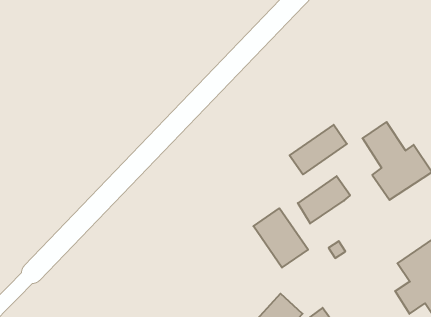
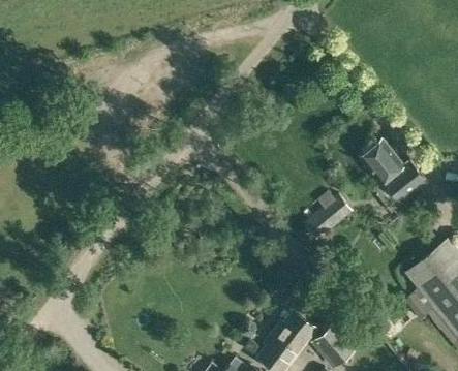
building: [290,125,347,174] -> none
building: [253,208,308,268] -> none

